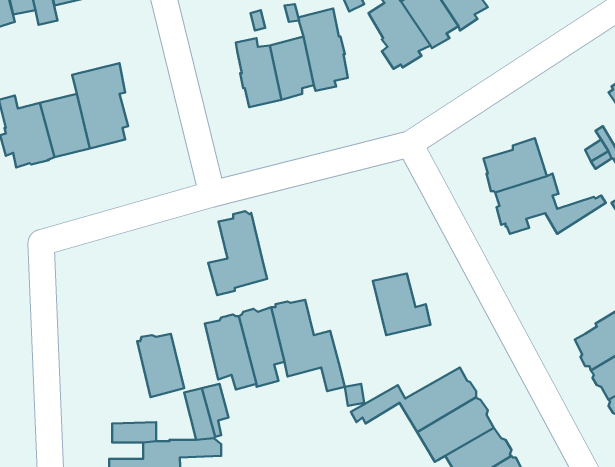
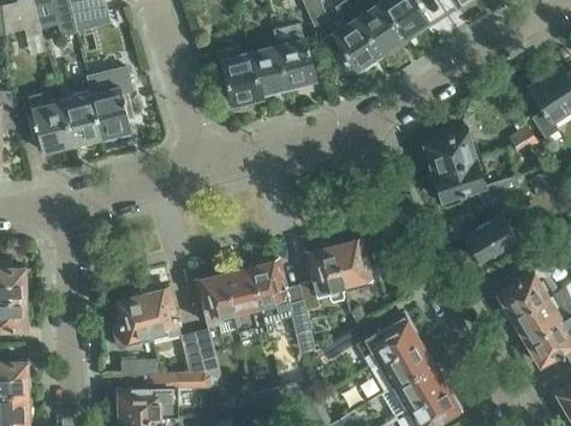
building: [208,211,267,295] -> [299,244,347,312]
building: none -> [464,214,518,263]
building: none -> [114,294,153,347]

